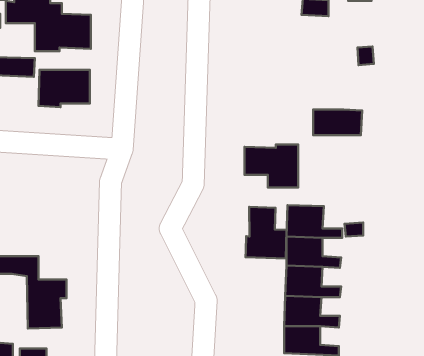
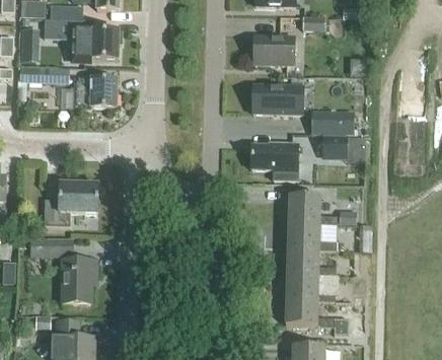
building: none -> [253,35,294,64]
building: none -> [252,84,303,113]
building: none -> [321,136,347,159]
building: none -> [45,183,98,225]
building: [245,207,287,258] -> none

